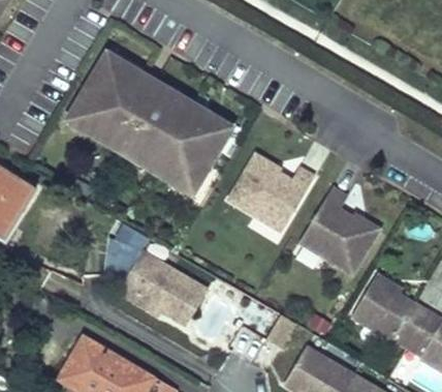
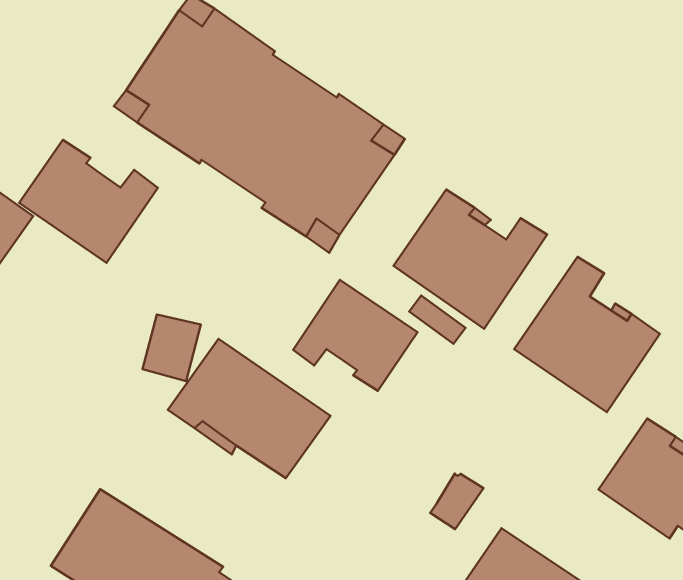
building: none -> [19,140,158,263]
building: none -> [293,280,418,391]

